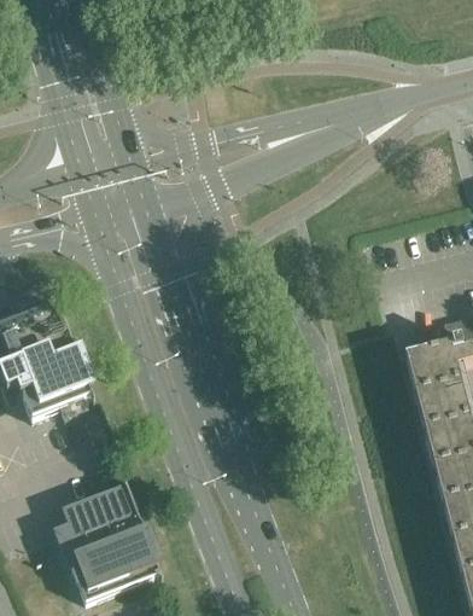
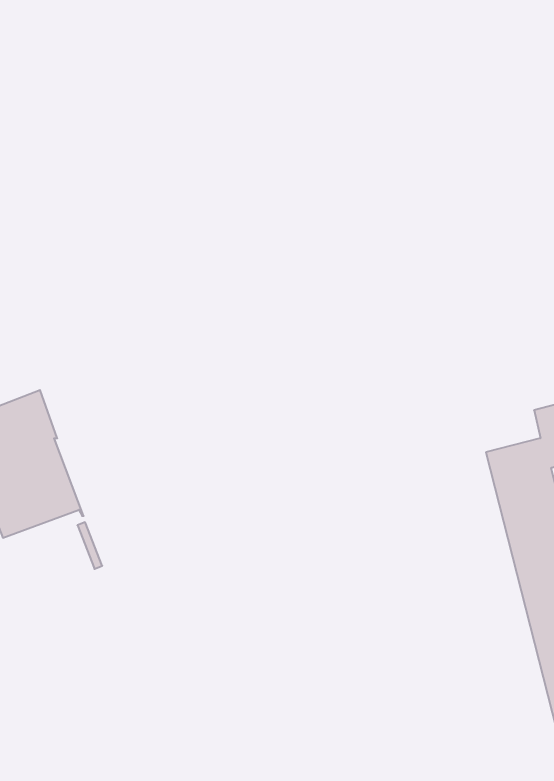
building: [68,477,163,600] -> none

